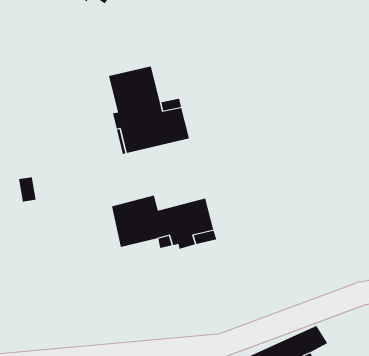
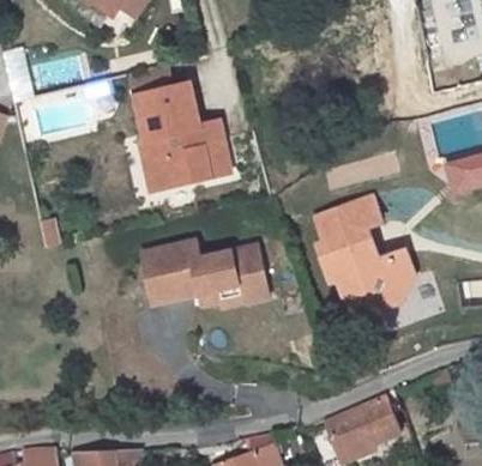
building: none -> [309,189,415,320]

